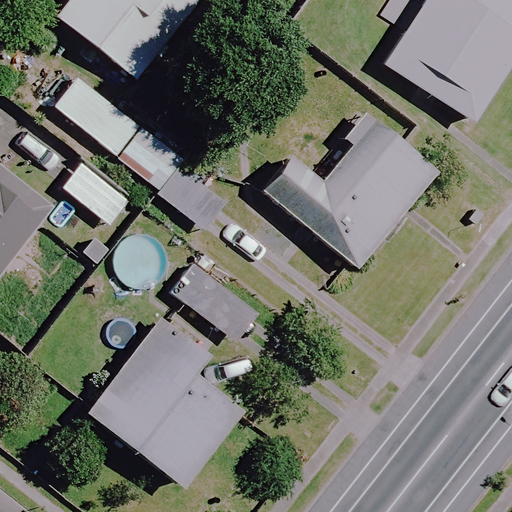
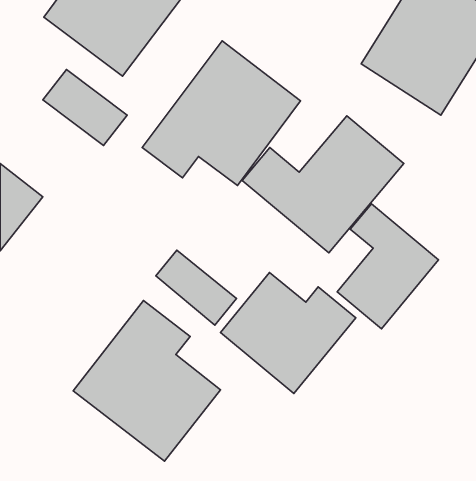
building: none -> [142,41,301,185]
building: none -> [337,204,439,329]
building: none -> [221,273,356,393]

